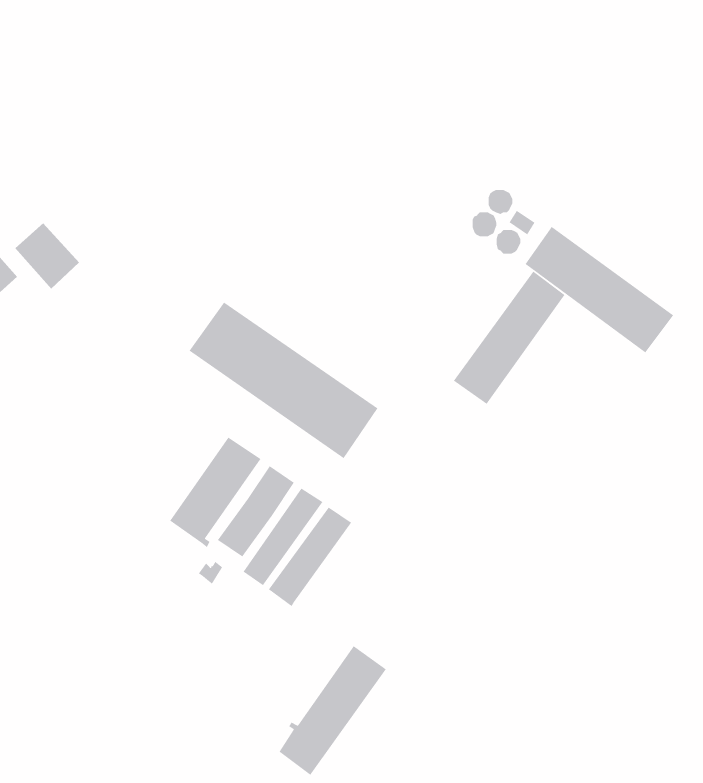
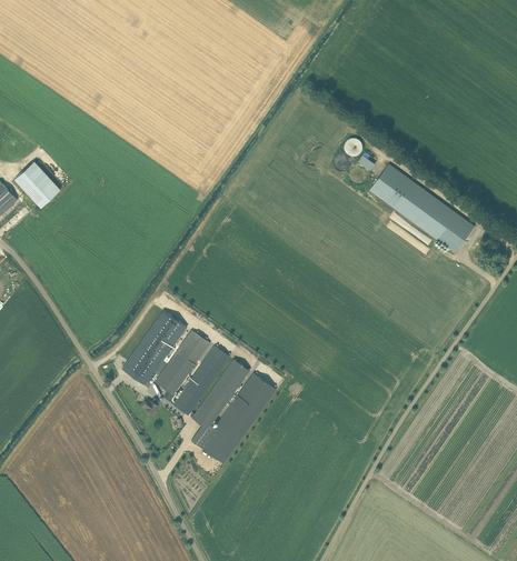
building: [453,271,566,405] -> none
building: [189,302,378,459] -> none
building: [278,645,387,776] -> [201,372,277,463]

